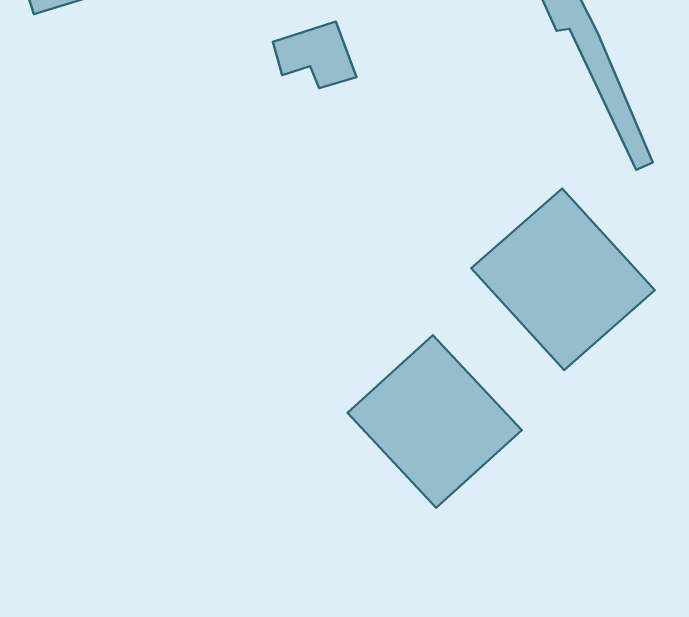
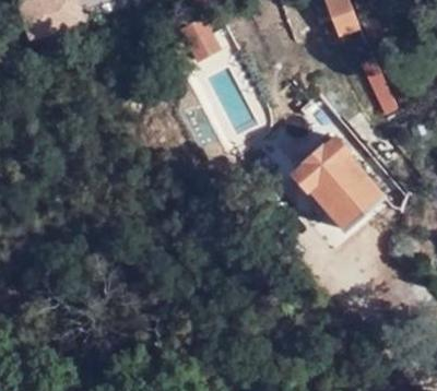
building: [347,335,522,508] -> none

